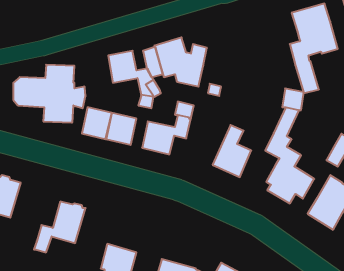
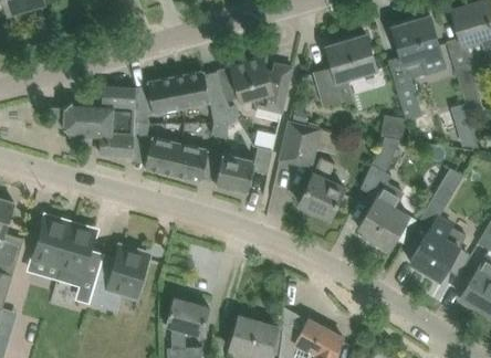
building: none -> [314,35,377,106]
building: none -> [147,77,181,115]
building: none -> [280,124,339,168]
building: none -> [58,227,96,286]

